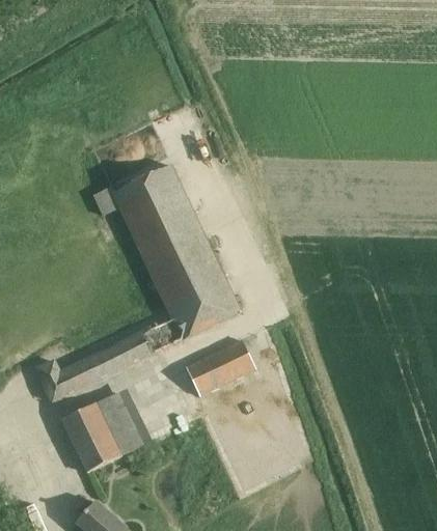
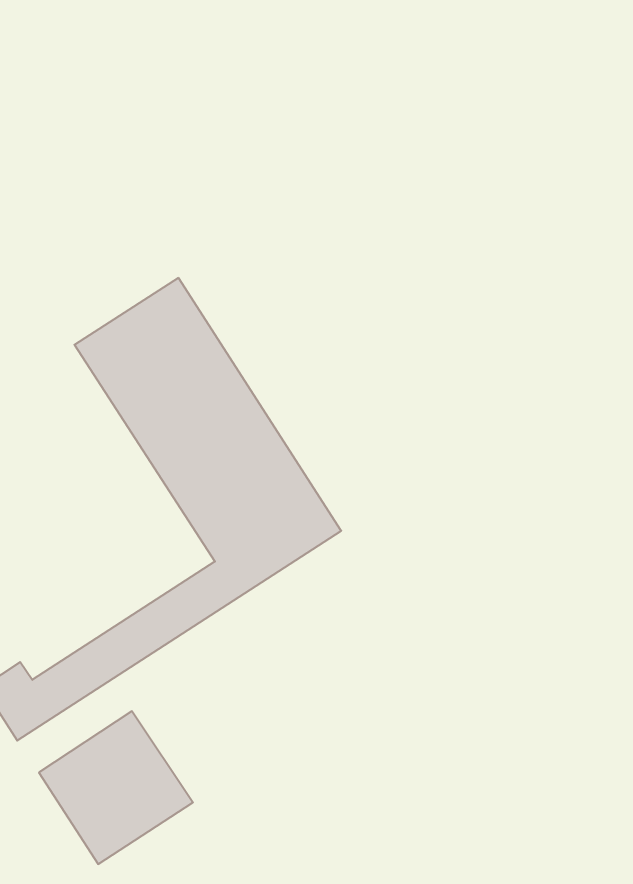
building: [187,341,254,395] -> none

